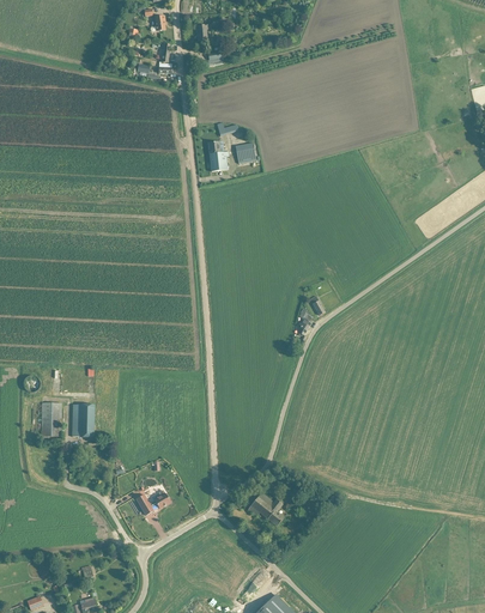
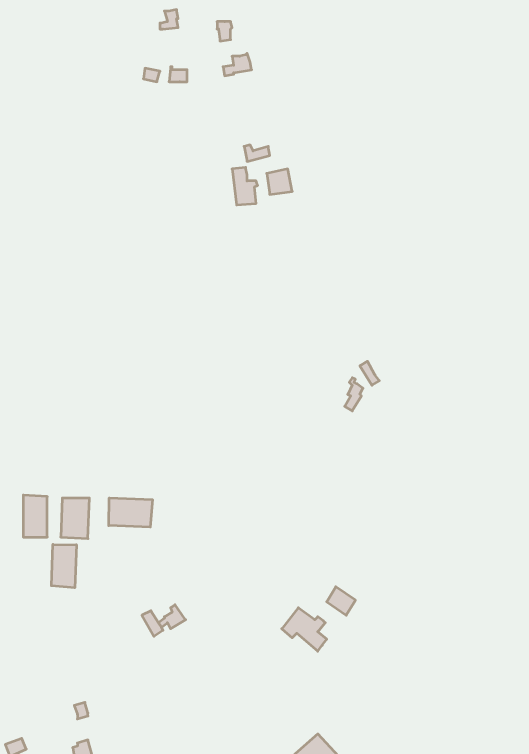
building: none -> [109,498,152,527]
building: none -> [51,544,76,588]

